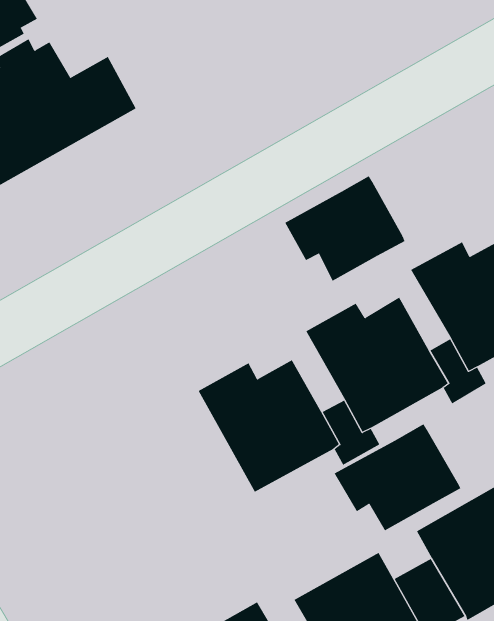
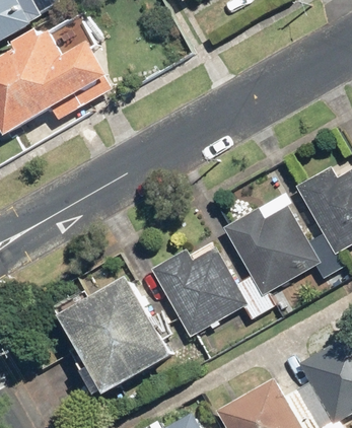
building: [284,175,405,281] -> none
building: none -> [61,277,173,395]
building: [334,424,461,531] -> none

